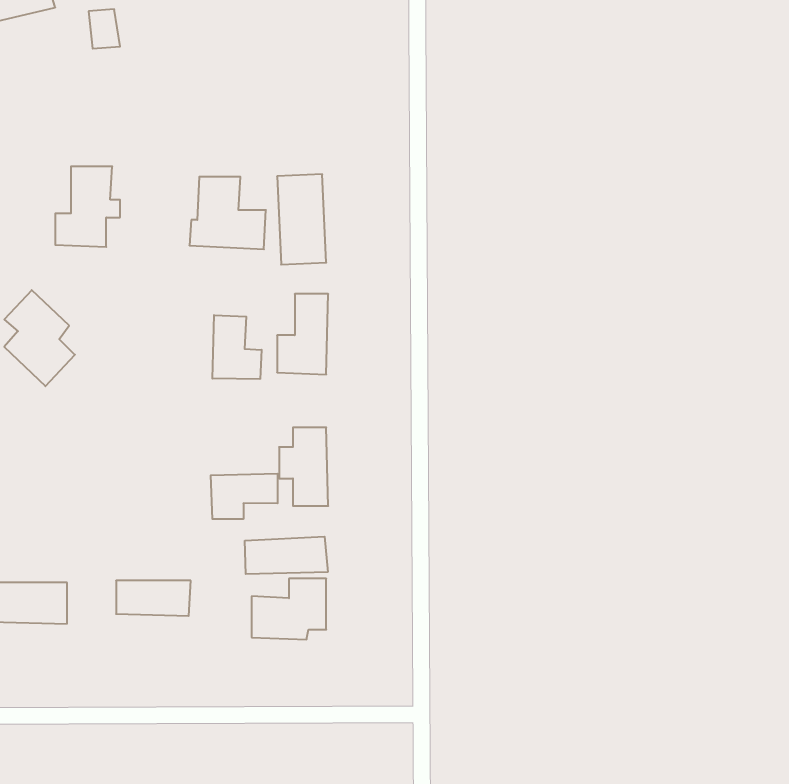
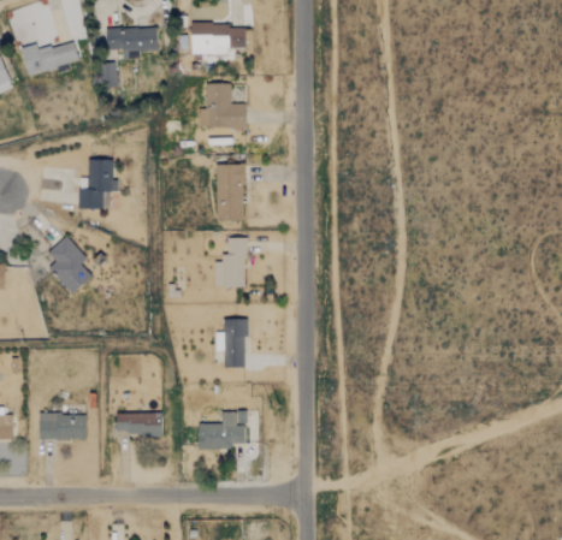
building: [189,177,266,249] -> [200,83,247,127]
building: [212,315,262,379] -> none
building: [211,474,278,519] -> none
building: [245,537,328,574] -> none

